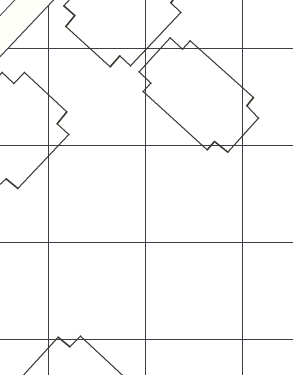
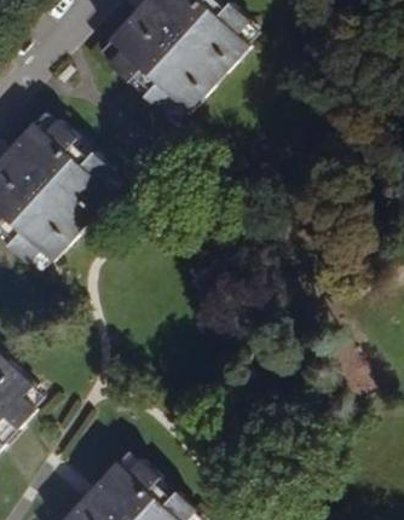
building: [139,38,259,152] -> none

